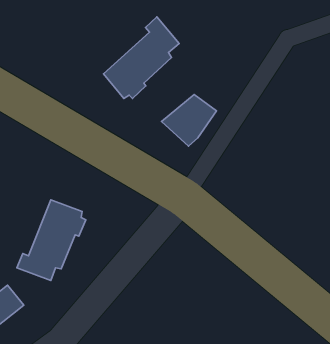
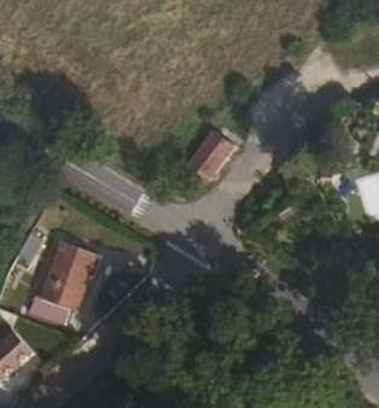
building: [103,17,179,99] -> none

